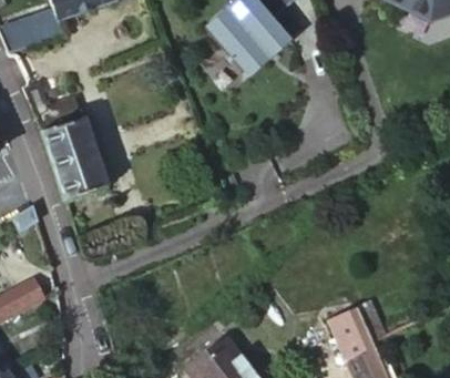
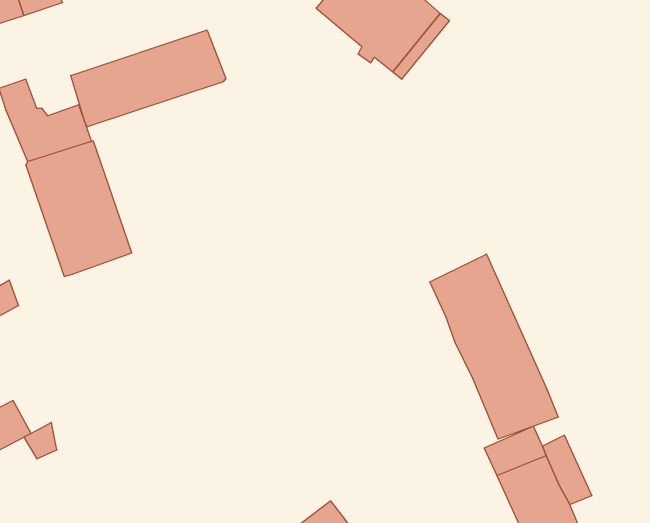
building: none -> [71,30,226,127]
building: none -> [430,254,558,439]

